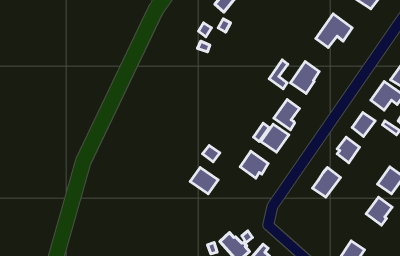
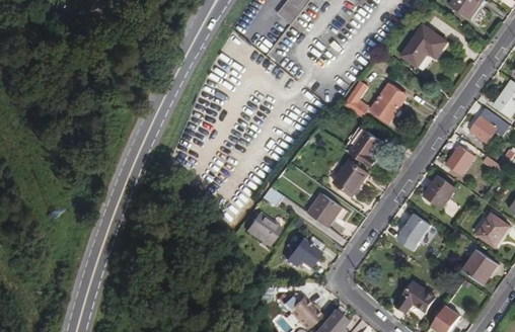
building: none -> [286,236,323,268]
building: none -> [397,282,435,312]

